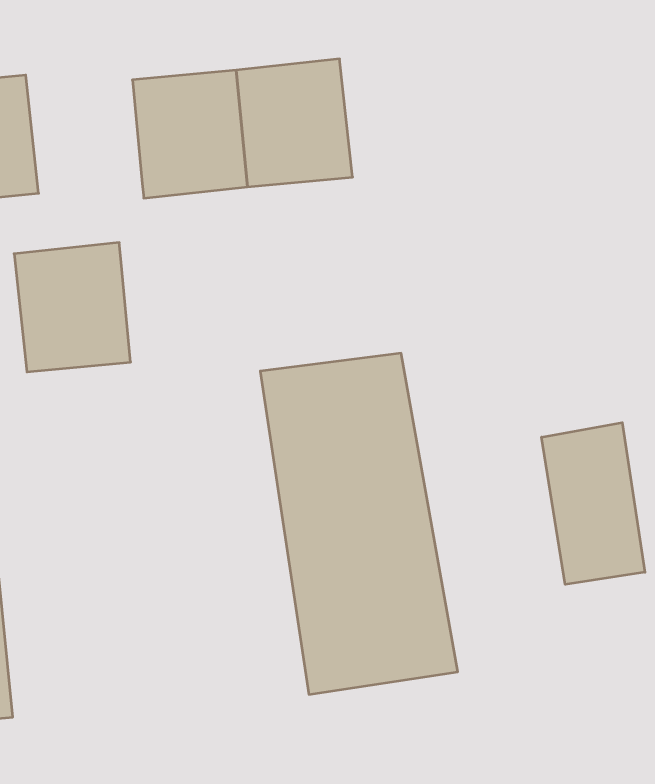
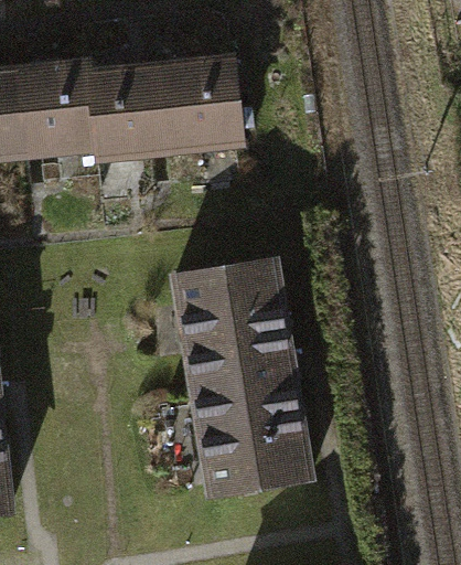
building: [14,243,131,372] -> [19,64,98,152]
building: [542,423,645,584] -> none

